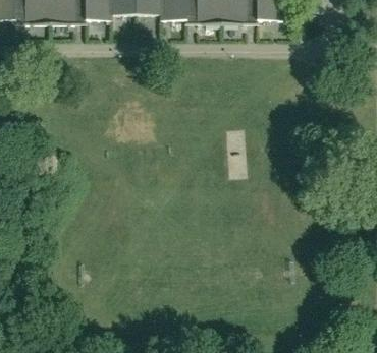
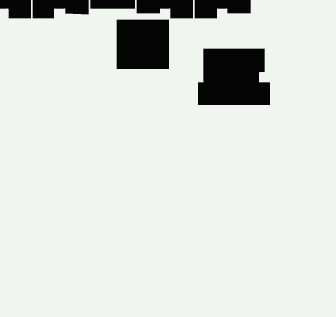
building: none -> [116,19,170,70]
building: none -> [197,48,271,106]

